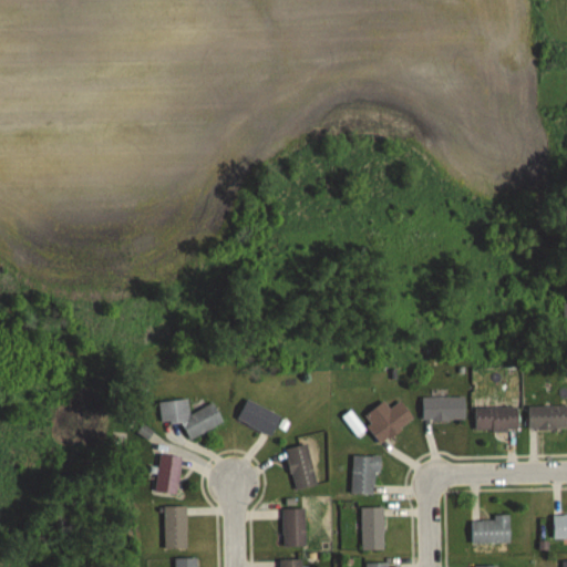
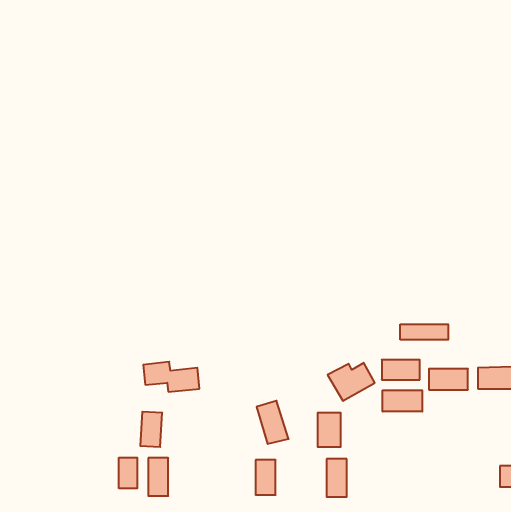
building: none -> [400,324,448,340]
building: [238,400,281,435] -> none
building: none -> [383,390,422,412]
building: none -> [119,458,137,488]
building: [472,518,511,544] -> none

